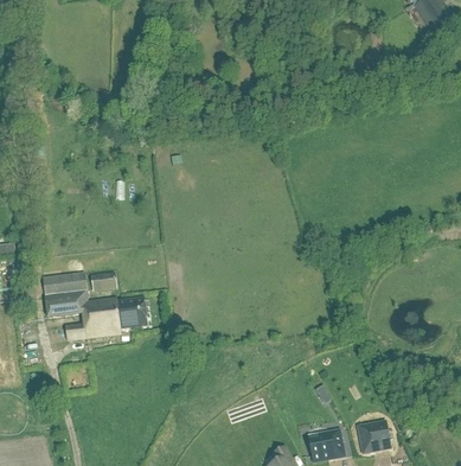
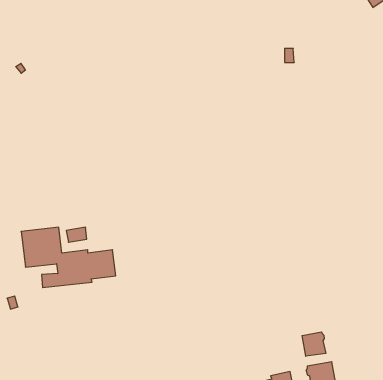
building: none -> [302,332,326,356]

